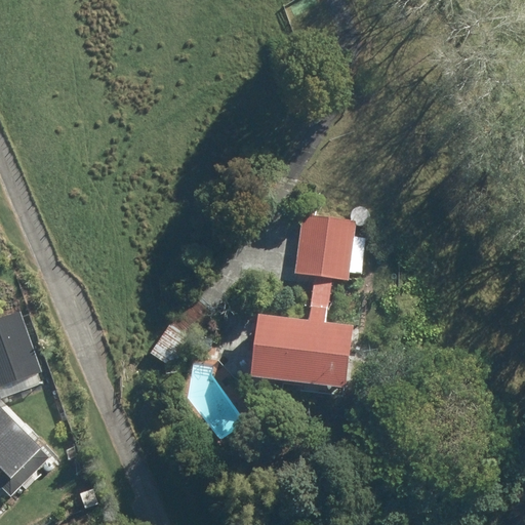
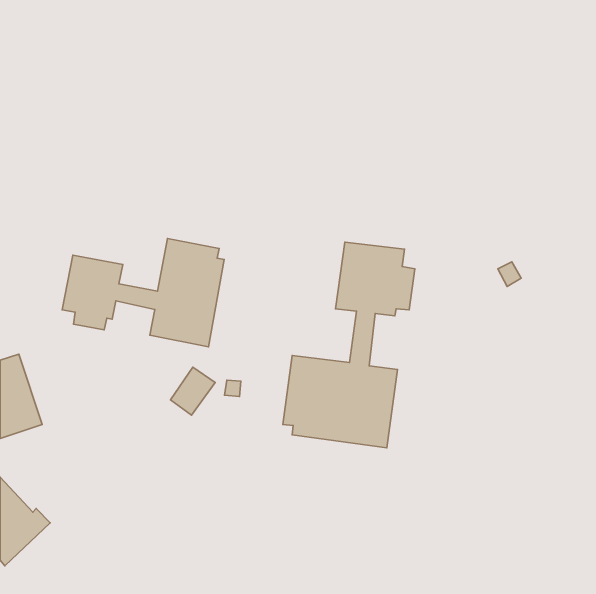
building: none -> [62,239,224,347]

